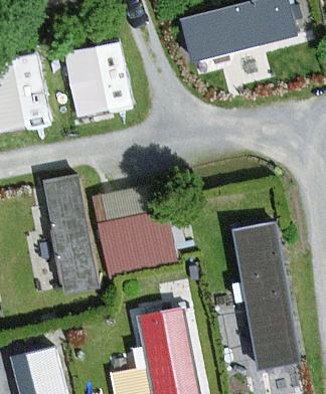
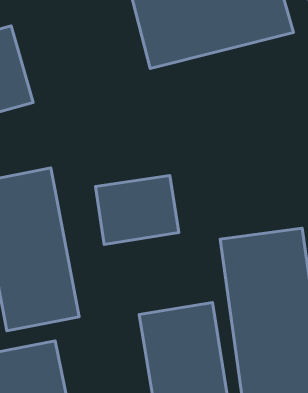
building: [58,35,135,119] -> none

